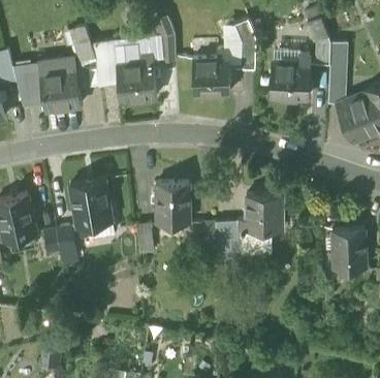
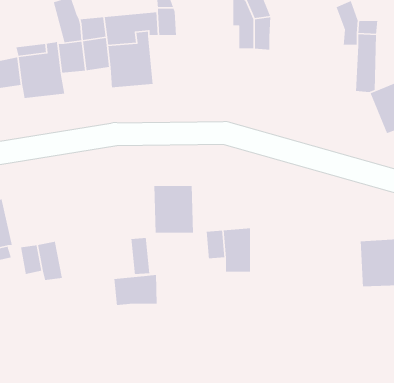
building: [193,48,230,94] -> none
building: [272,54,310,99] -> none
building: [71,181,113,226] -> none
building: [240,195,283,231] -> none
building: none -> [113,274,158,306]

